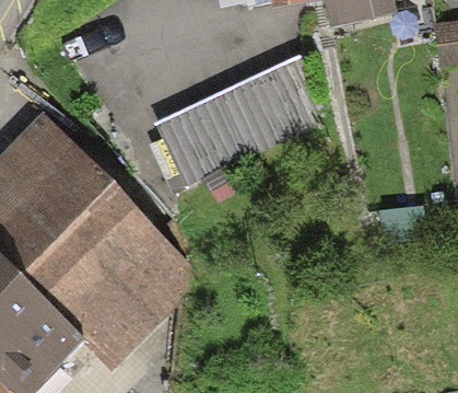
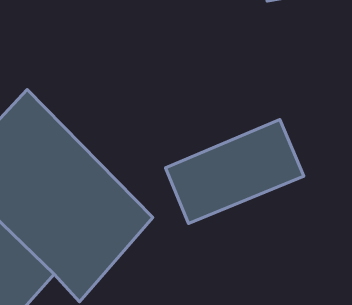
building: [154,62,317,185] -> [165,119,304,223]

